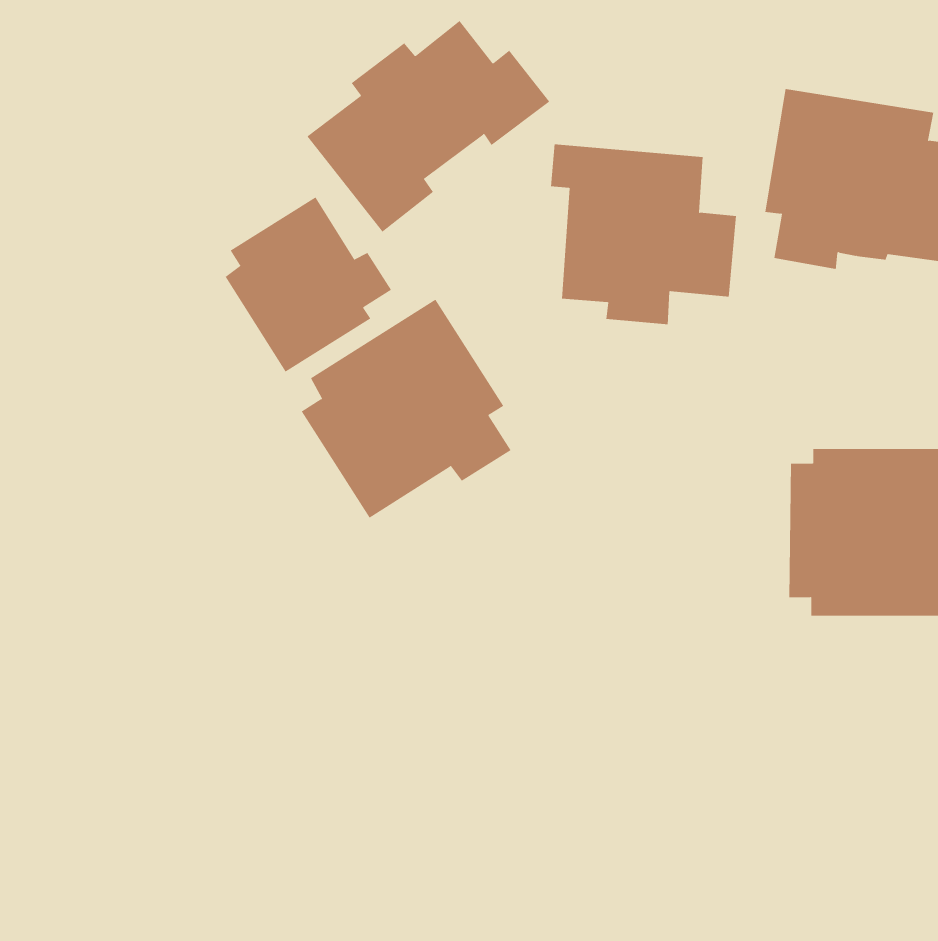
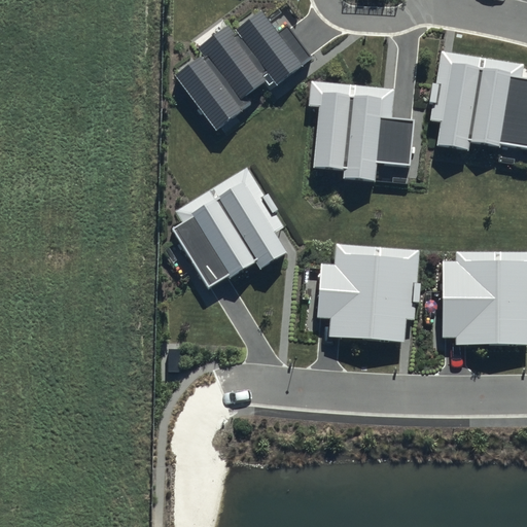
building: [225,196,392,373] -> none
building: none -> [317,244,419,343]

